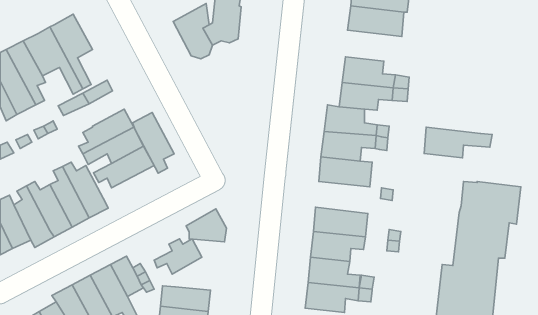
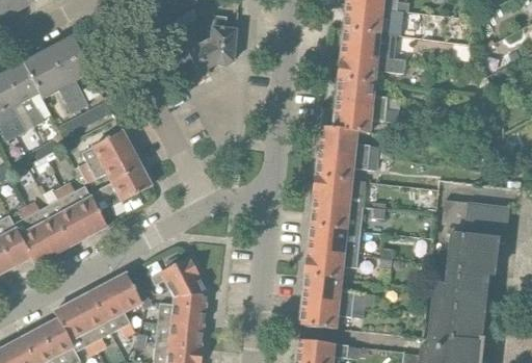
building: [133,113,174,173] -> none
building: [424,127,492,158] -> [339,53,405,83]
building: none -> [310,201,363,232]
building: [186,209,227,242] -> [169,275,209,307]

